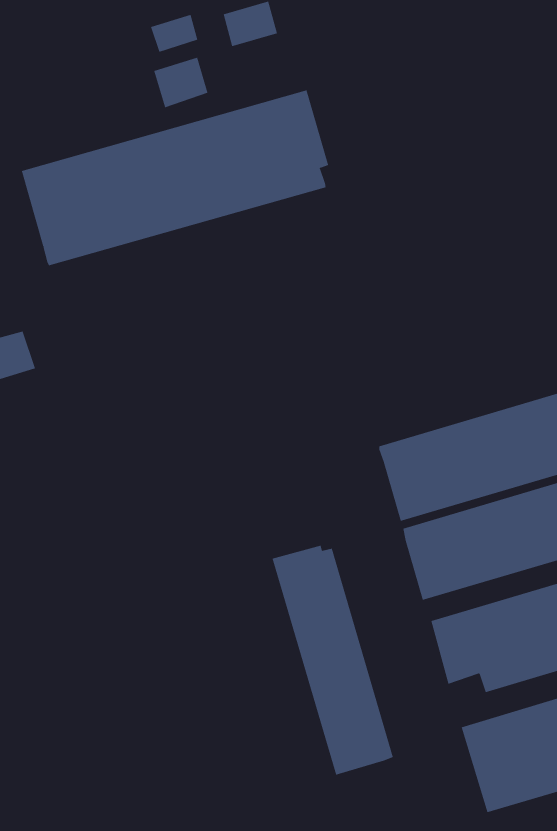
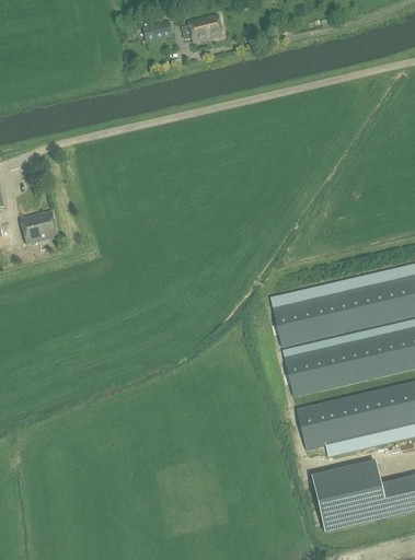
building: [154,57,208,108] -> none
building: [21,90,329,266] -> none
building: [272,545,393,776] -> none

